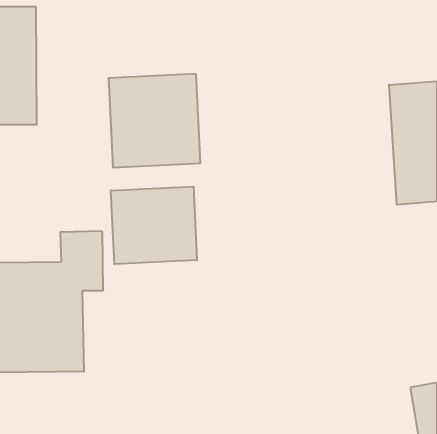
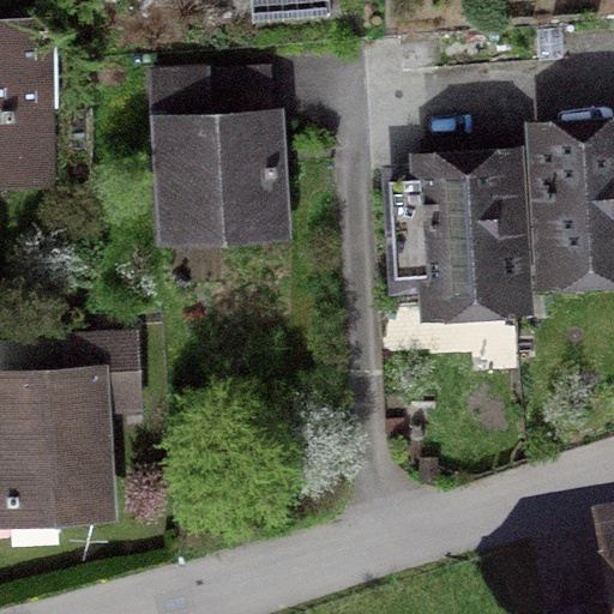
building: none -> [423,154,532,323]
building: [111,187,197,264] -> none

